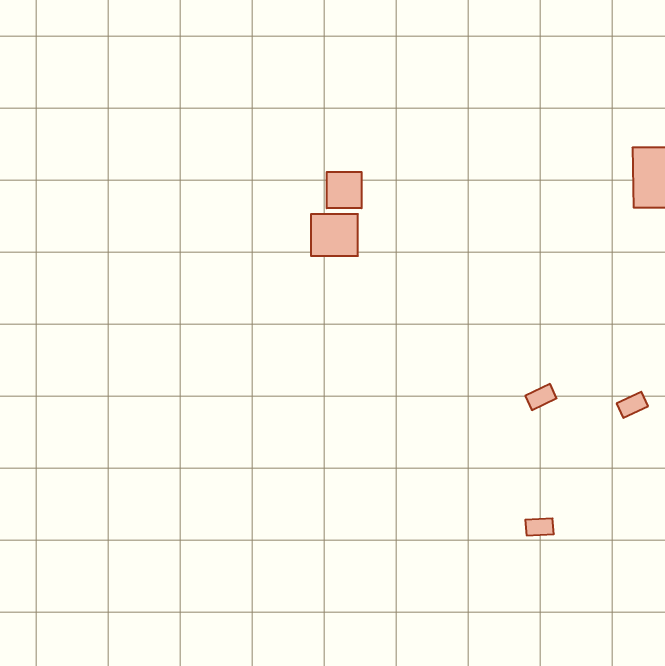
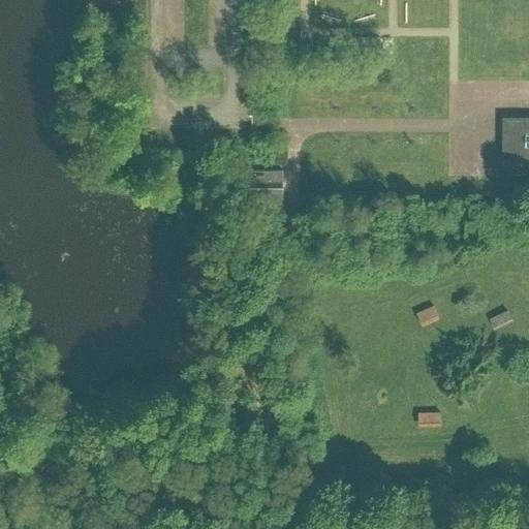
building: [327,172,362,208] -> none

